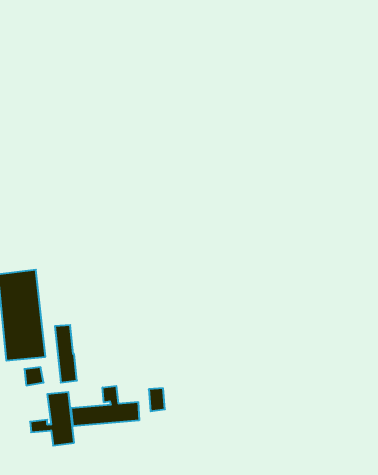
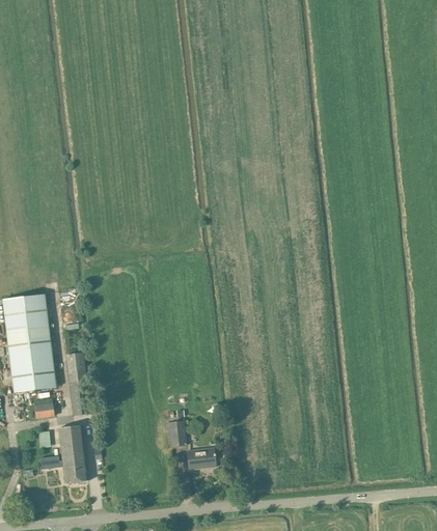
building: [71,386,139,426] -> none
building: none -> [187,449,215,471]

